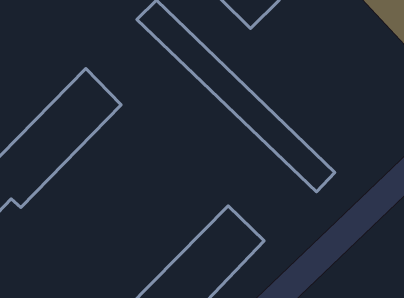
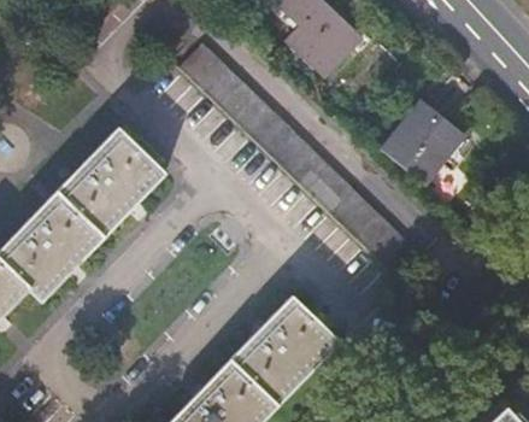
building: none -> [384,109,469,188]

